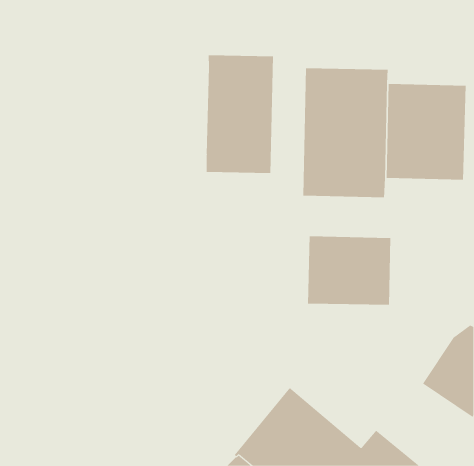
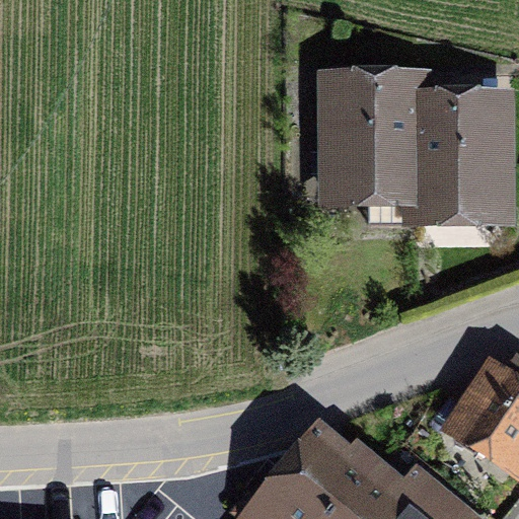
building: [206,54,273,174] -> none
building: [308,235,391,306] -> none

